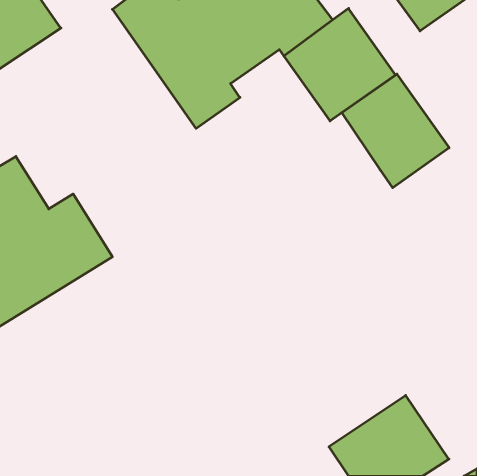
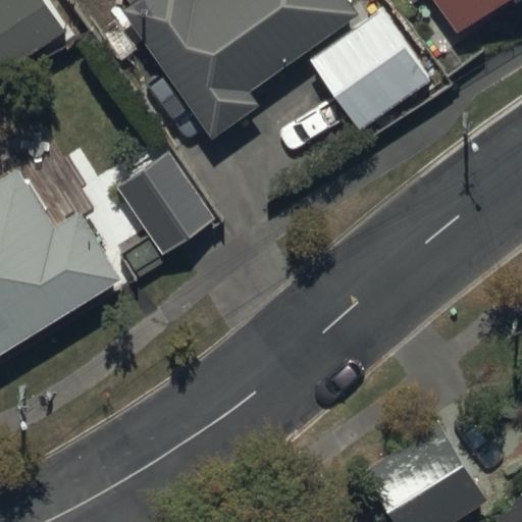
building: [342,74,449,188] -> none
building: none -> [115,150,215,280]

